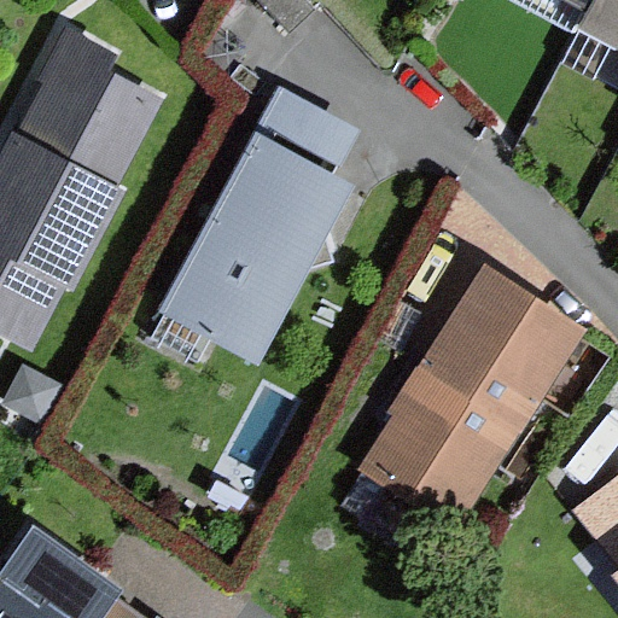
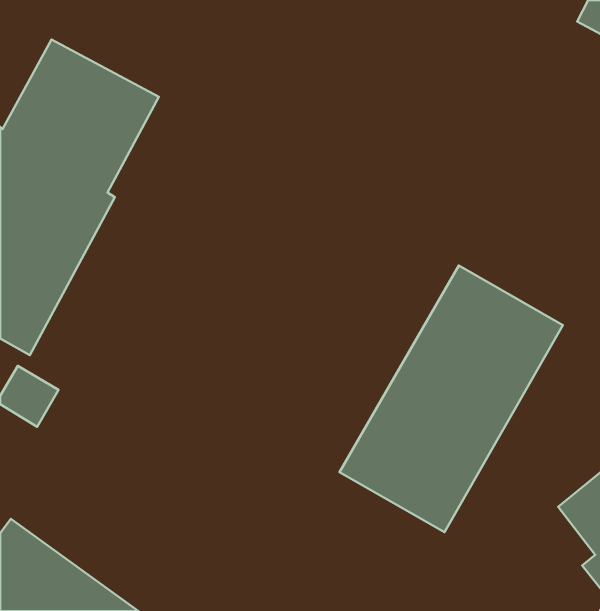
building: [148,91,351,360] -> none

